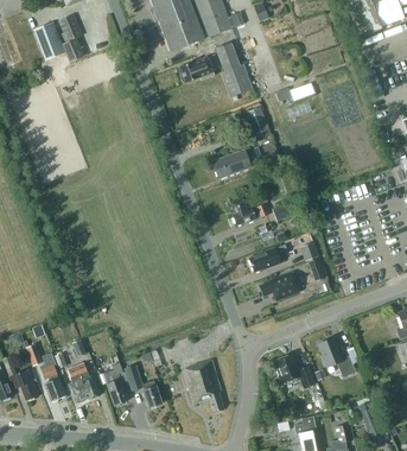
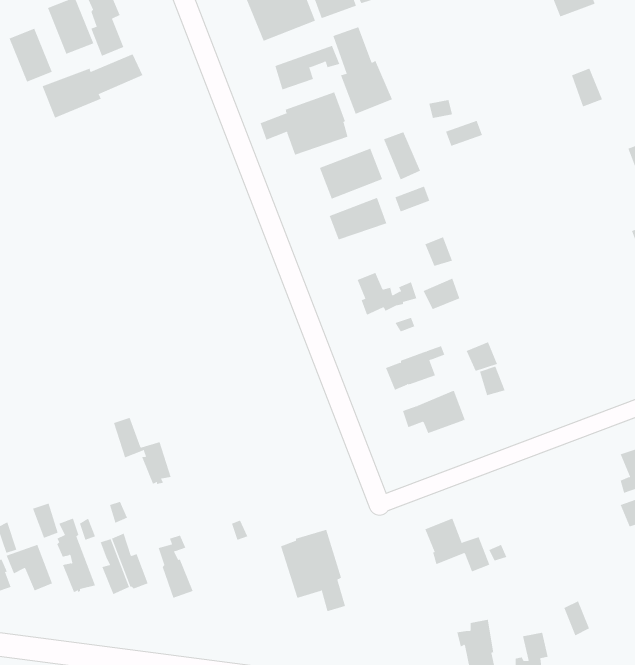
building: none -> [9,28,52,83]
building: none -> [42,53,143,119]
building: none -> [260,92,348,155]
building: none -> [319,148,383,199]
building: [317,336,355,376] -> none
building: [125,364,161,407] -> [113,417,171,485]

